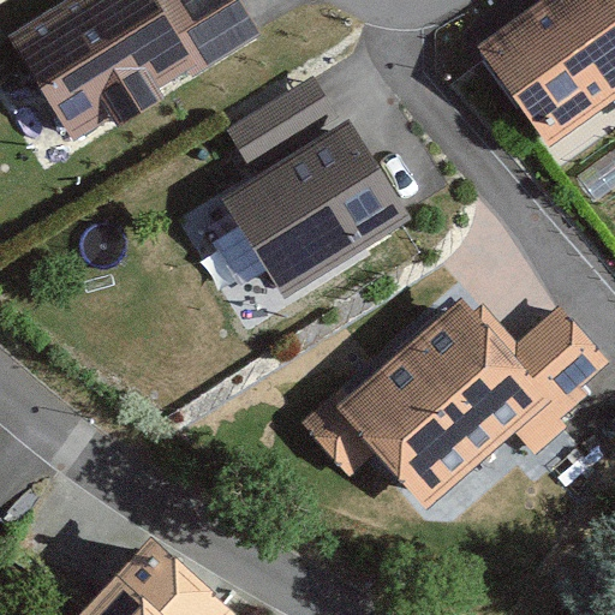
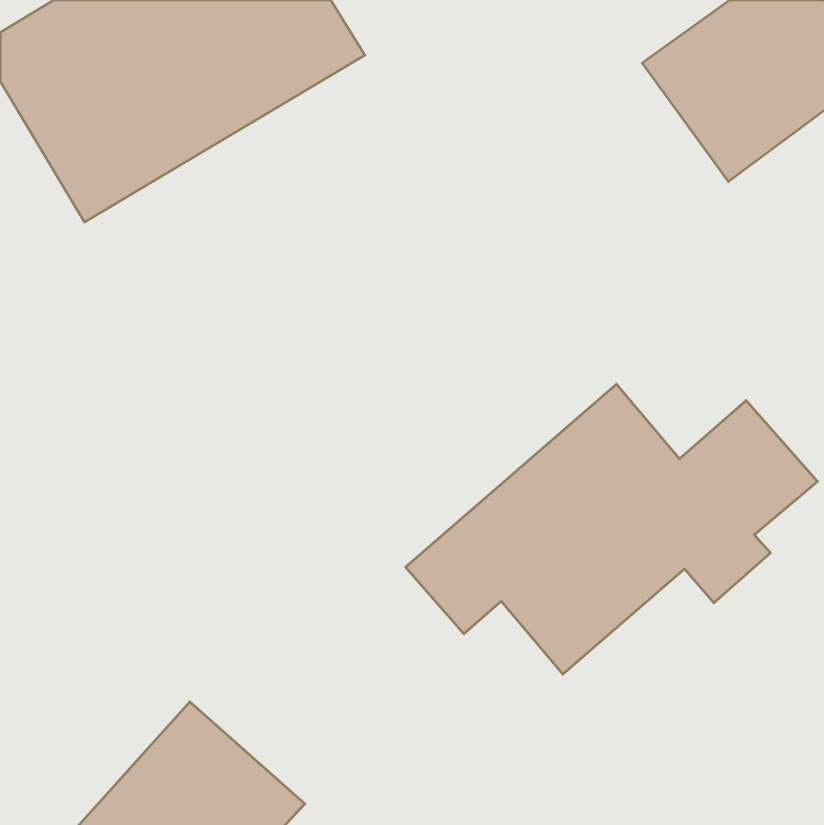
building: [209,92,416,332] -> none

